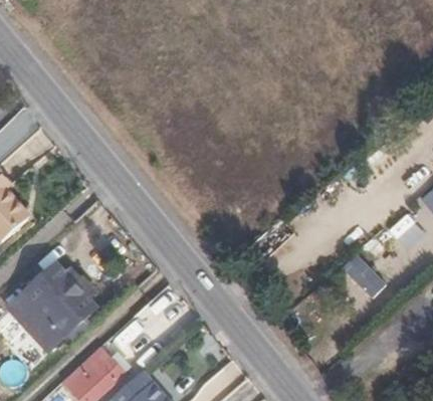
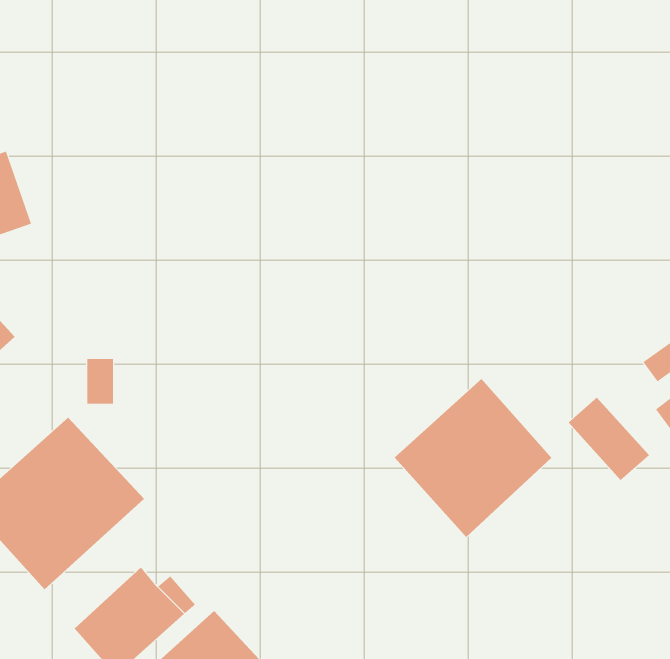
building: none -> [394,378,552,538]

